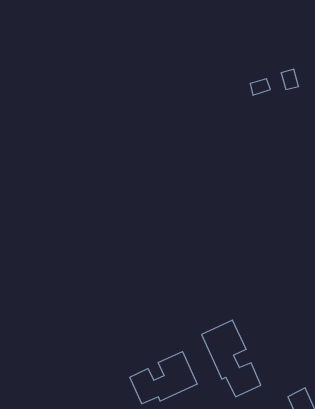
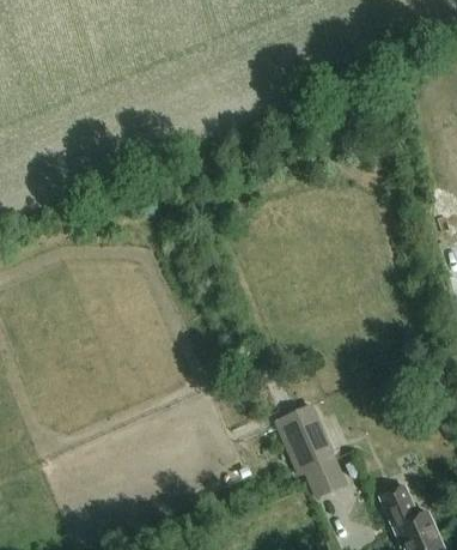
building: [130,352,197,404] -> none

